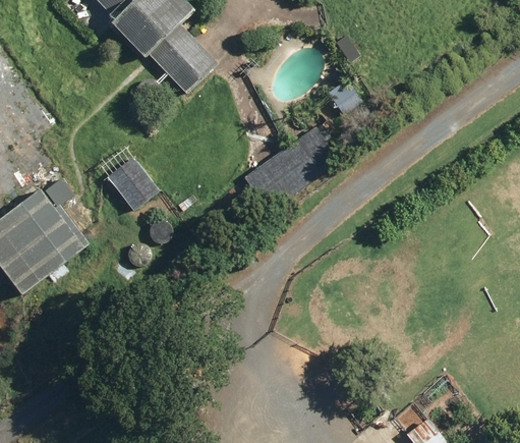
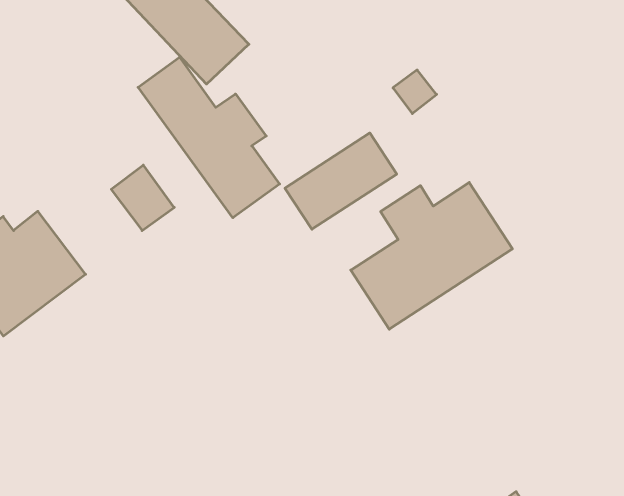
building: none -> [138,57,280,218]
building: none -> [351,182,512,329]

